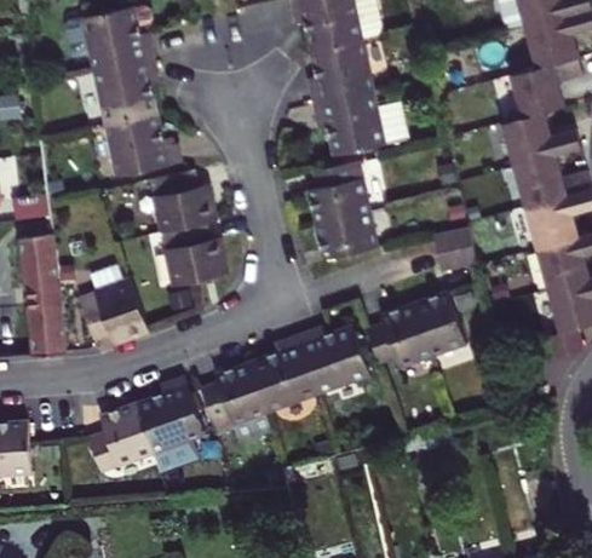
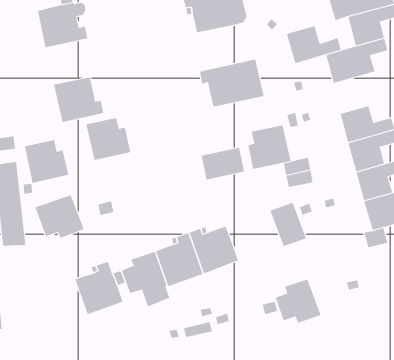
building: [309,40,373,107] -> none
building: [92,59,157,125] -> none
building: [501,113,580,167] -> [286,26,341,64]
building: [308,162,370,226] -> [247,125,292,170]
building: [162,224,226,287] -> [24,139,69,183]
building: [366,305,432,369] -> [275,279,321,324]
building: [88,403,153,473] -> none

